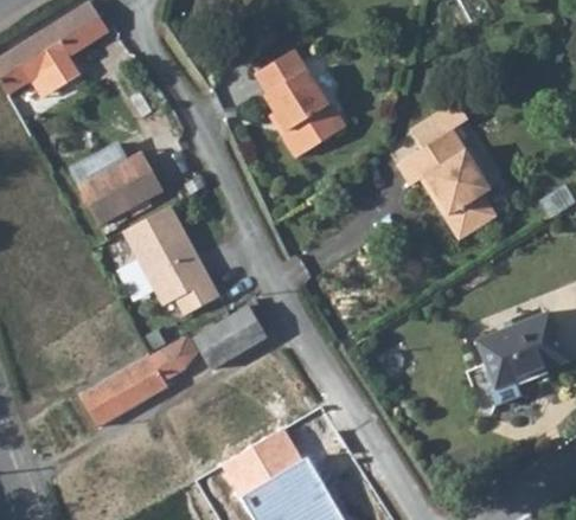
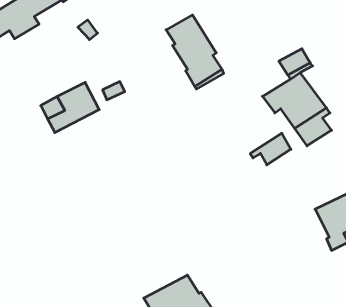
building: [122,207,217,316] -> none
building: none -> [250,133,291,165]
building: [197,304,270,368] -> none
building: [84,333,198,423] -> none

